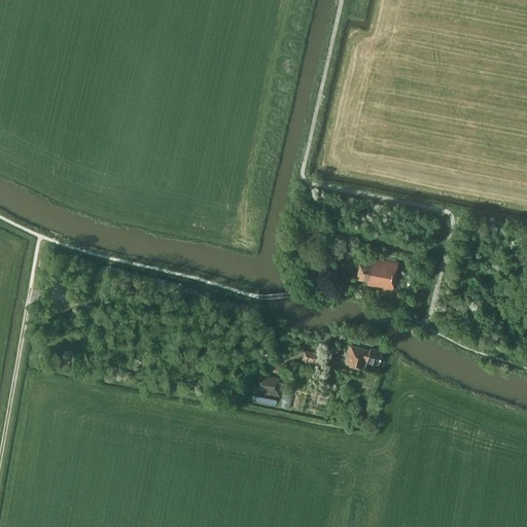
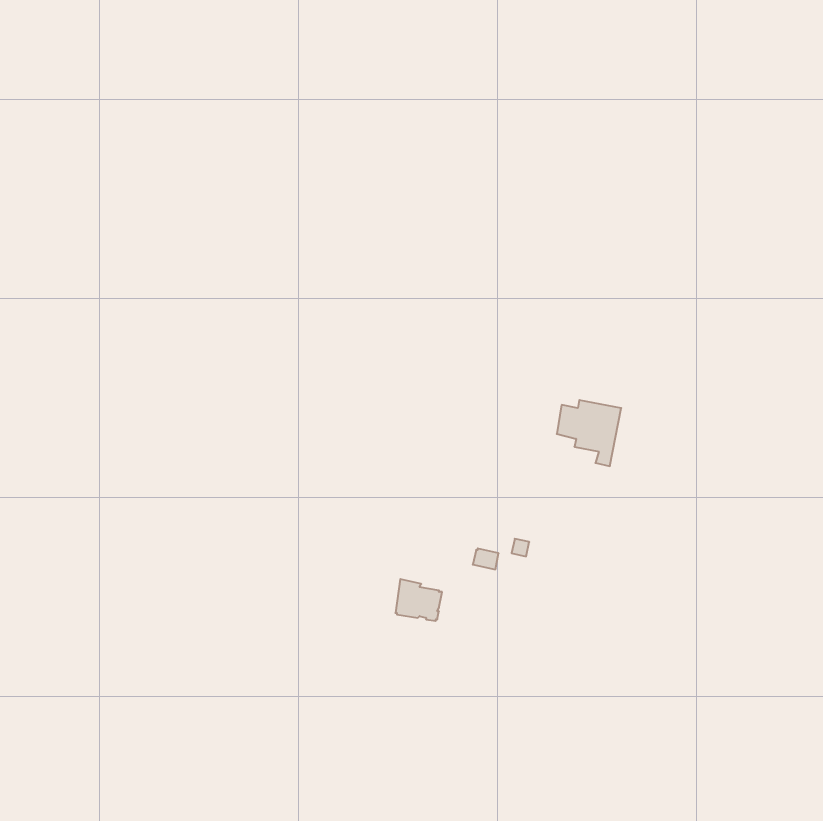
building: [347,348,381,368] -> none

